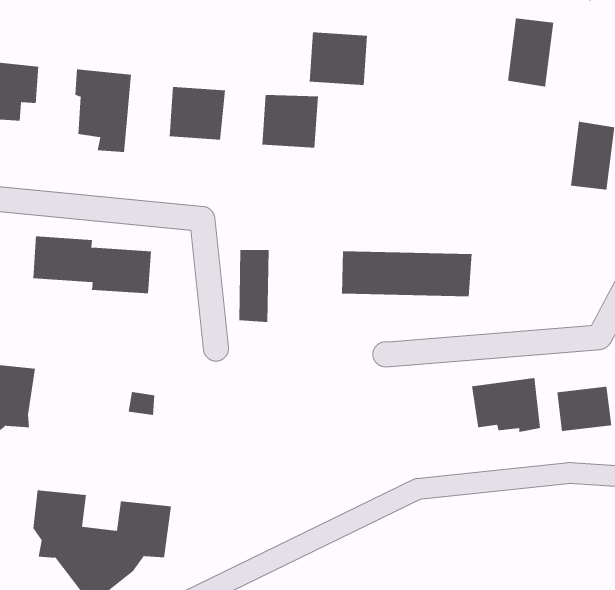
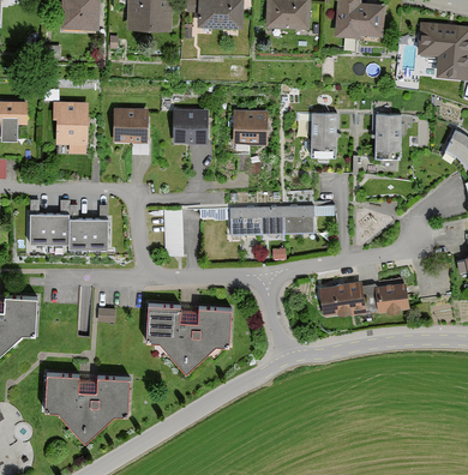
building: [507,18,554,87] -> [310,113,337,156]
building: [309,32,368,86] -> [234,112,270,144]
building: none -> [145,303,234,375]

